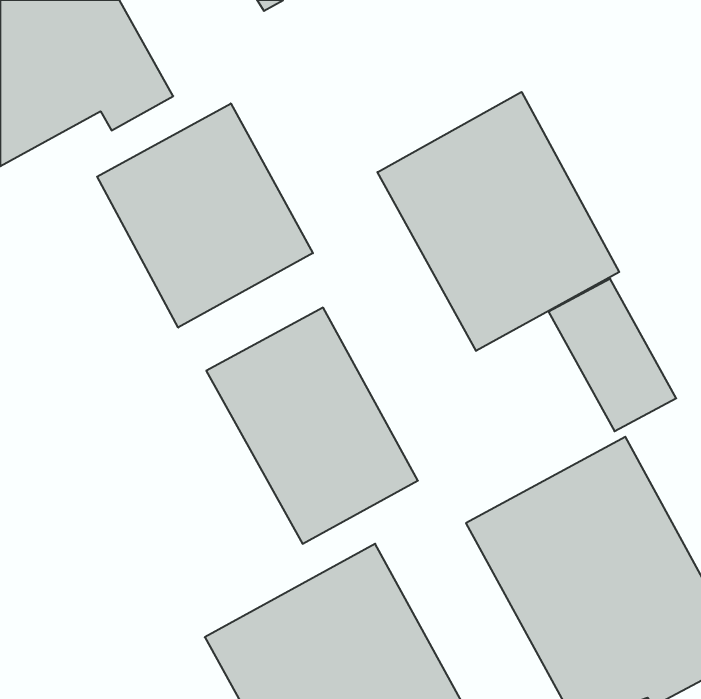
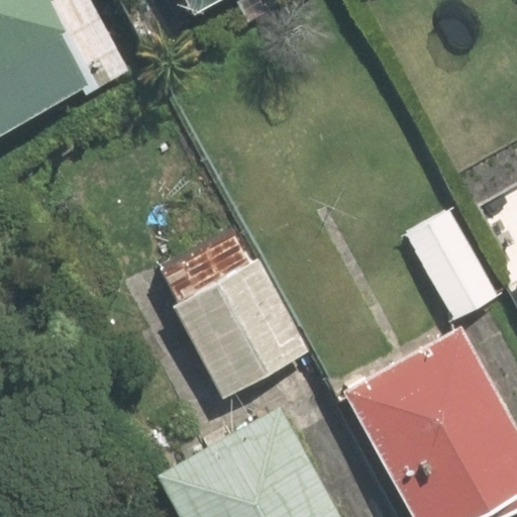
building: [377,92,619,351] -> none
building: [97,103,313,328] -> none

